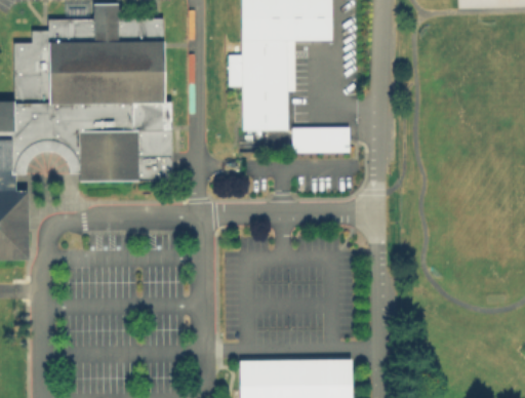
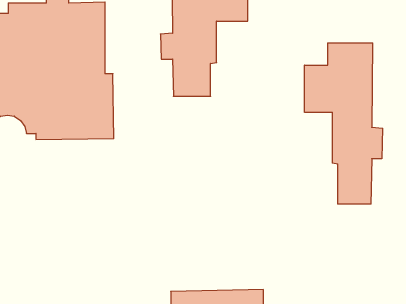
building: none -> [305,43,383,204]
building: [292,127,349,153] -> none

